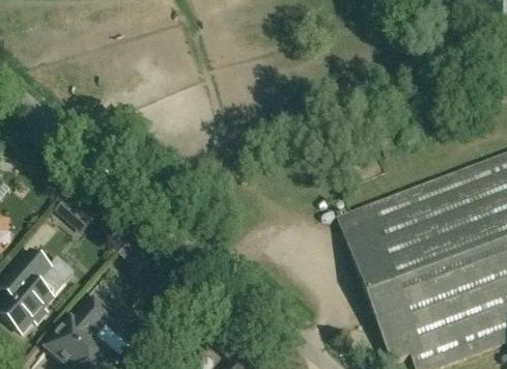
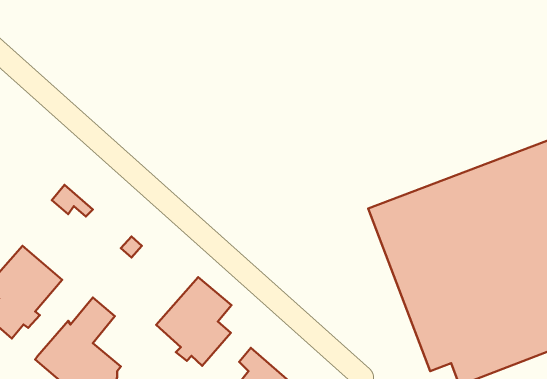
building: none -> [156,277,232,366]

